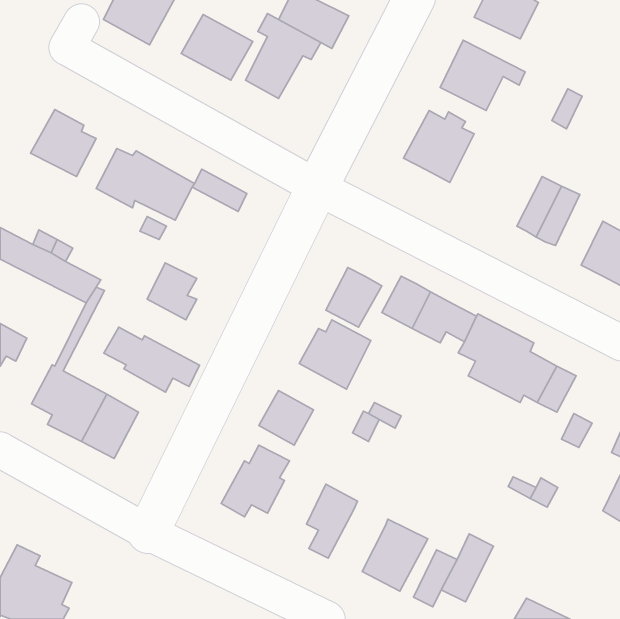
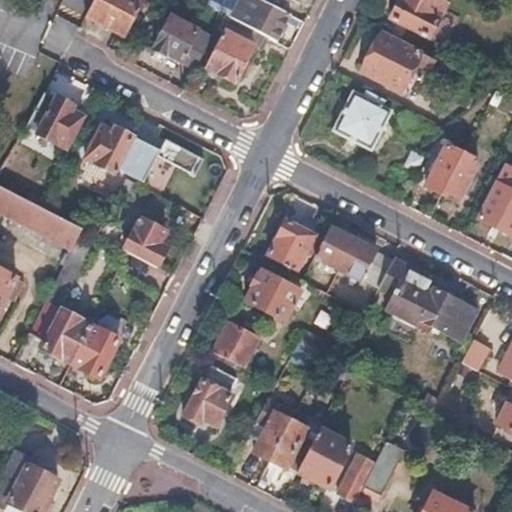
building: [104,327,200,392] -> none
building: none -> [258,419,318,493]

